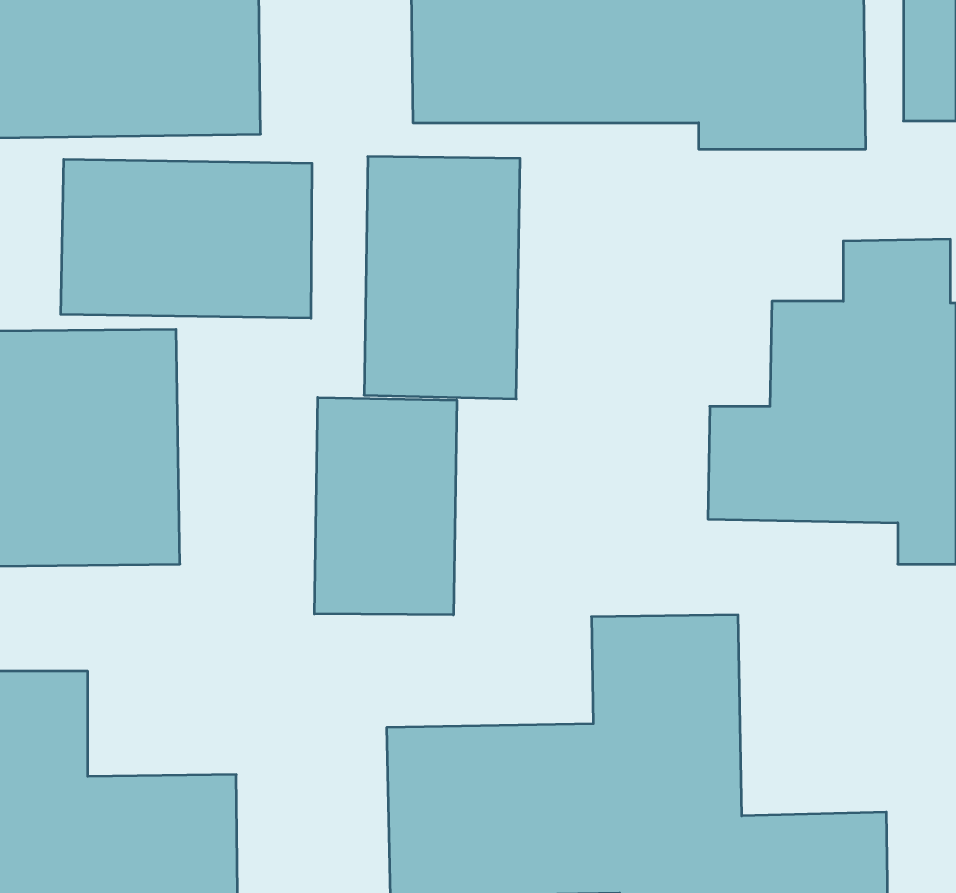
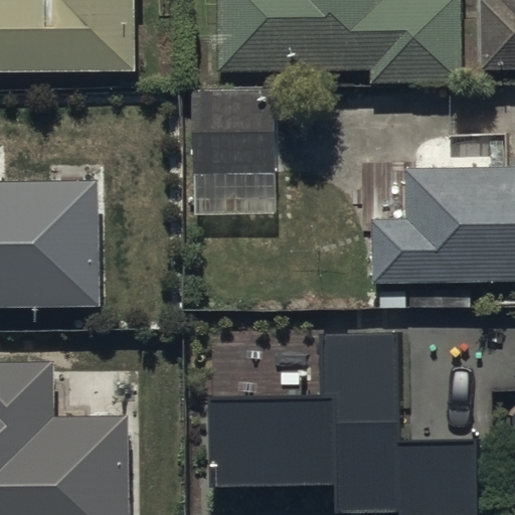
building: [61,159,312,318] -> none
building: [314,397,457,615] -> none

